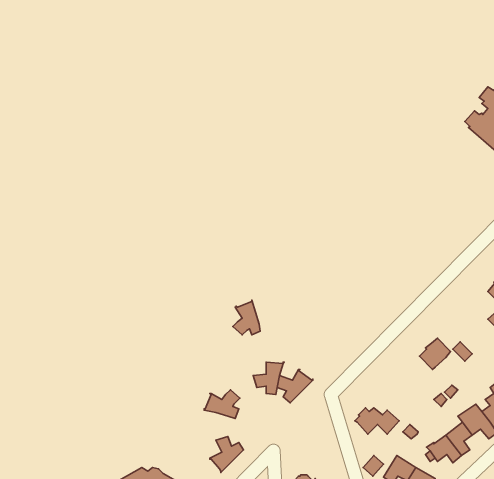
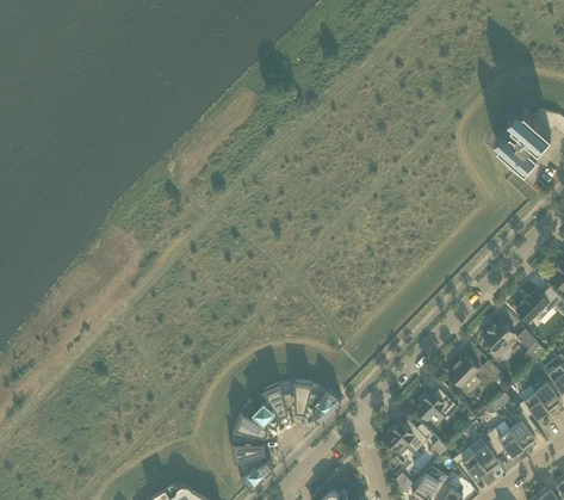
building: [233,300,260,335] -> [259,381,286,415]
building: none -> [482,320,514,358]
building: none -> [414,394,458,420]
building: none -> [230,430,264,461]

